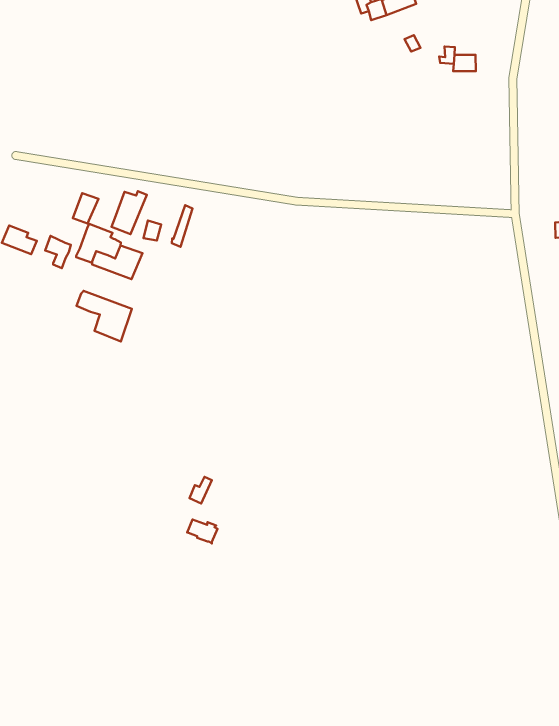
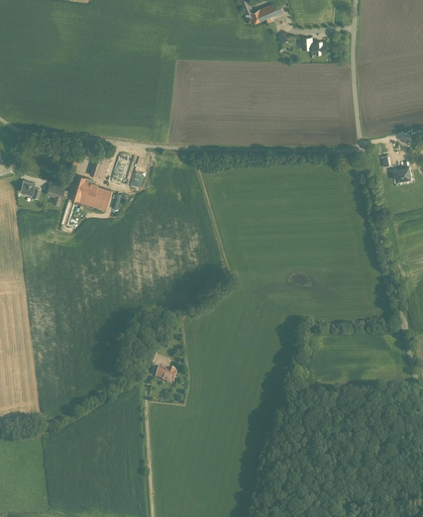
building: [77,291,132,342] -> none

